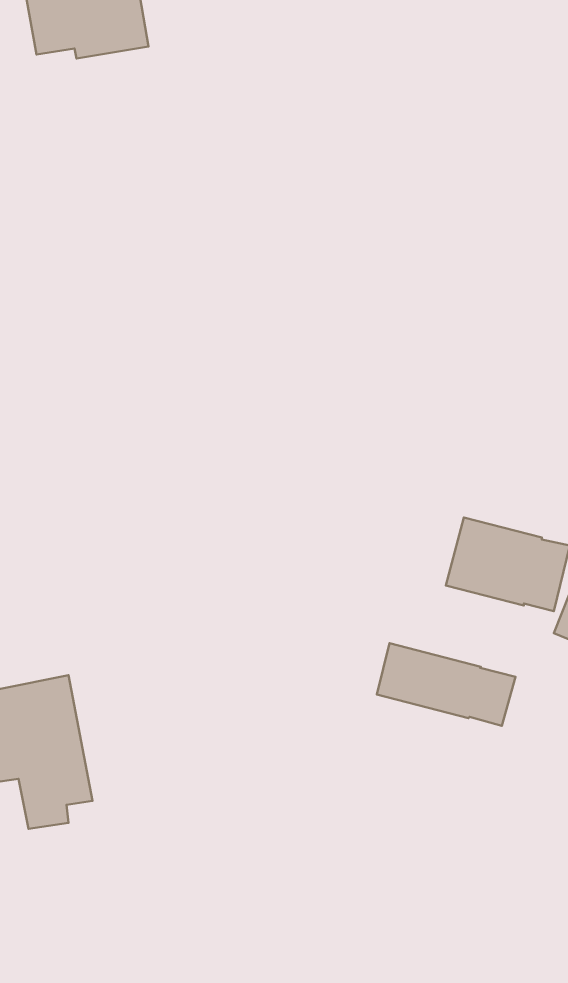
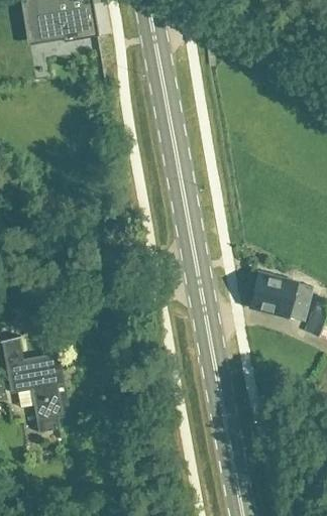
building: [377,643,515,726] -> none

